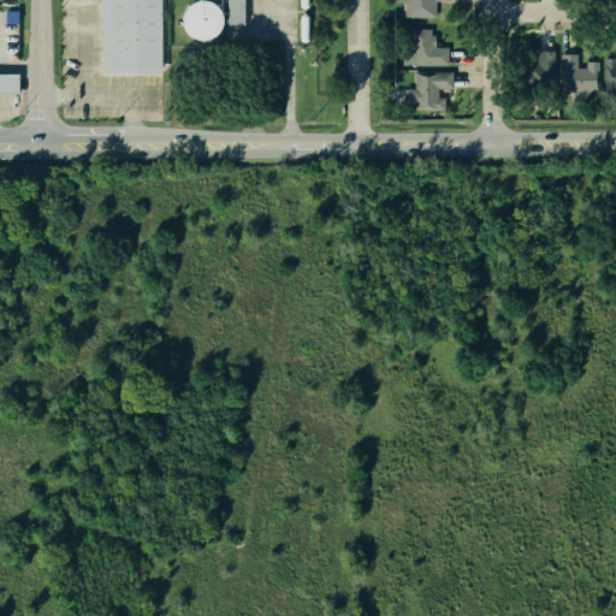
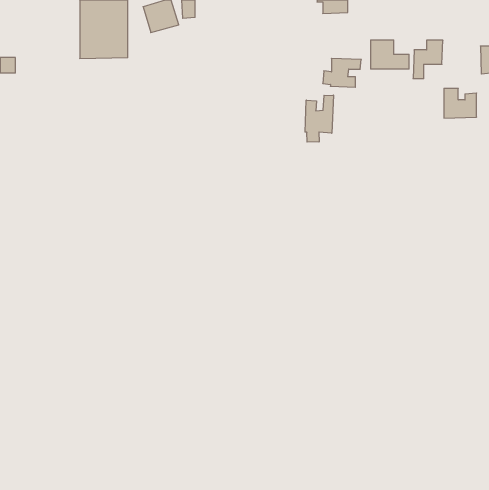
building: [404,28,452,64] -> [371,40,409,69]
building: [561,53,602,90] -> [444,88,477,118]
building: none -> [305,95,333,142]

